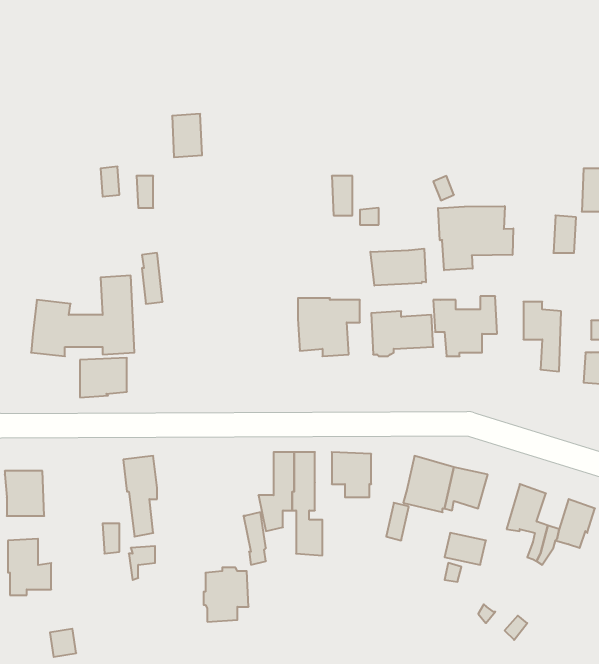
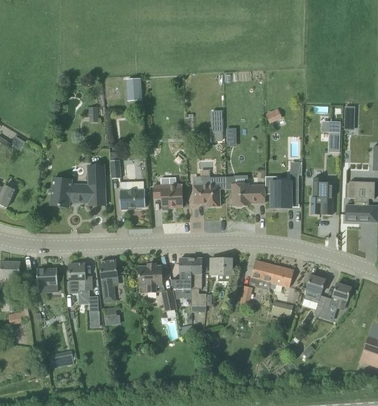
building: [438,206,513,270] -> none
building: [370,249,426,286] -> none
building: none -> [153,177,183,207]
building: [80,358,127,397] -> [120,188,145,209]
building: [8,539,51,595] -> [69,262,92,292]
building: [204,567,249,622] -> [138,263,162,292]

